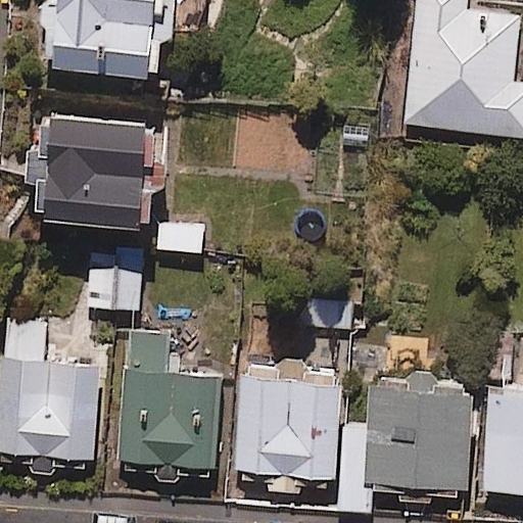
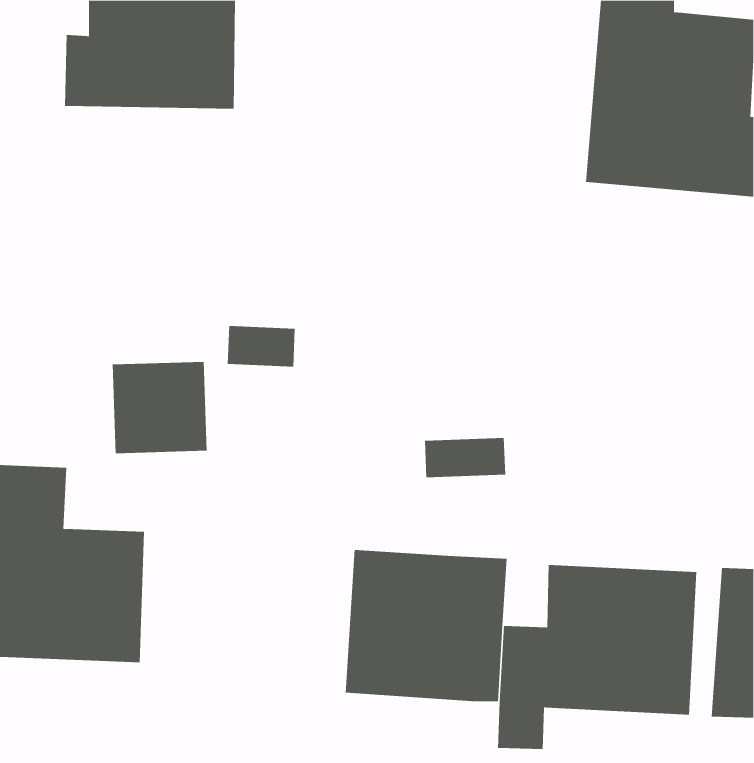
building: [27,118,153,228] -> none
building: [120,326,222,470] -> none

